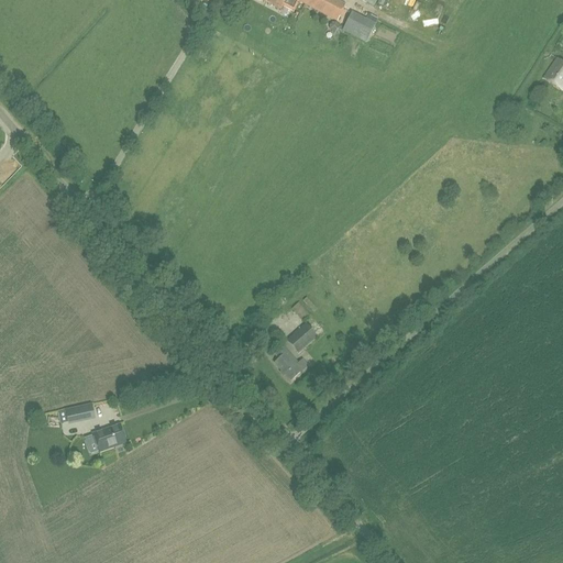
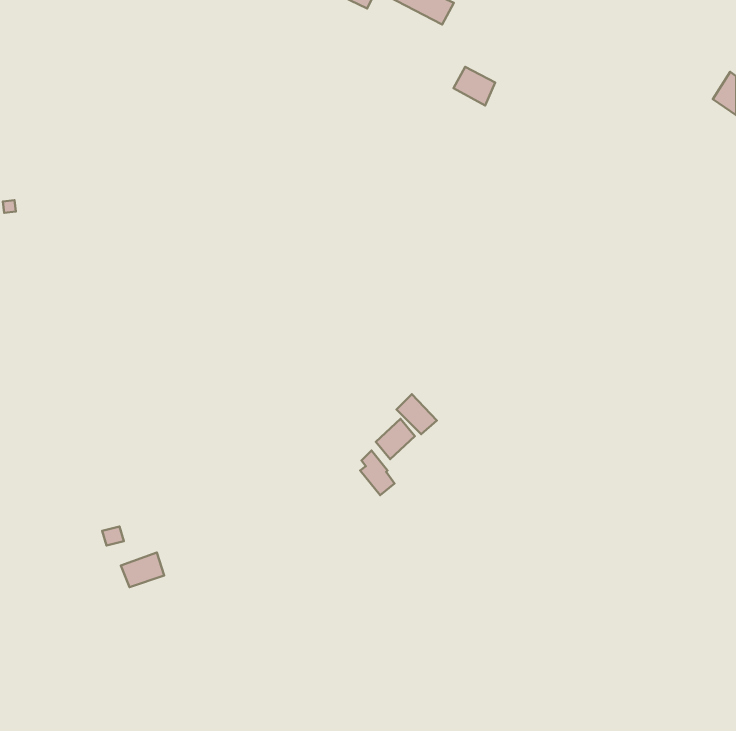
building: [343,11,375,41] -> [453,67,495,106]
building: none -> [397,394,437,434]

